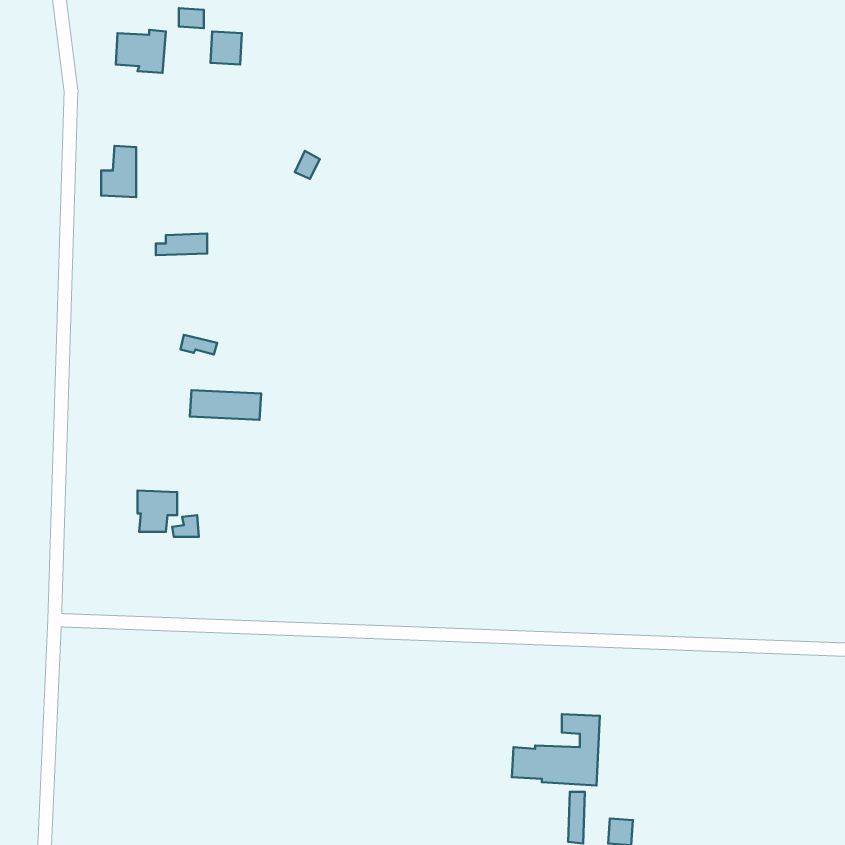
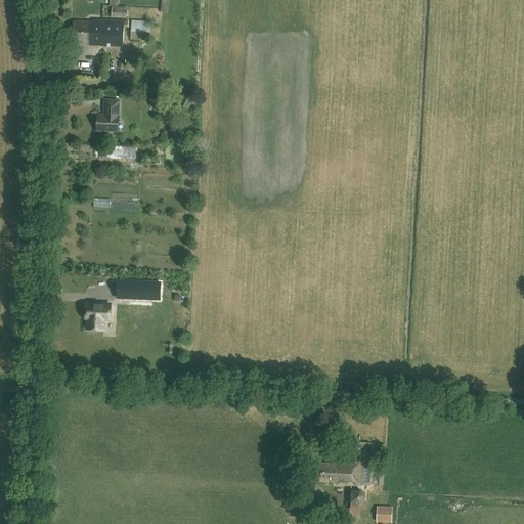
building: none -> [100,19,123,46]
building: [101,146,136,197] -> [96,99,118,131]
building: [190,390,261,420] -> [116,280,160,299]

